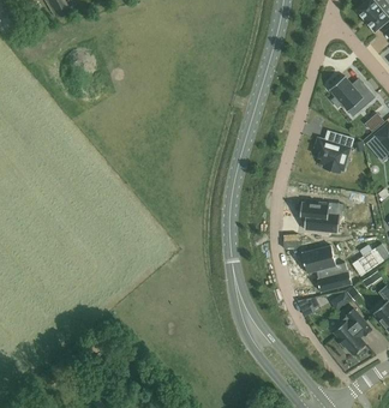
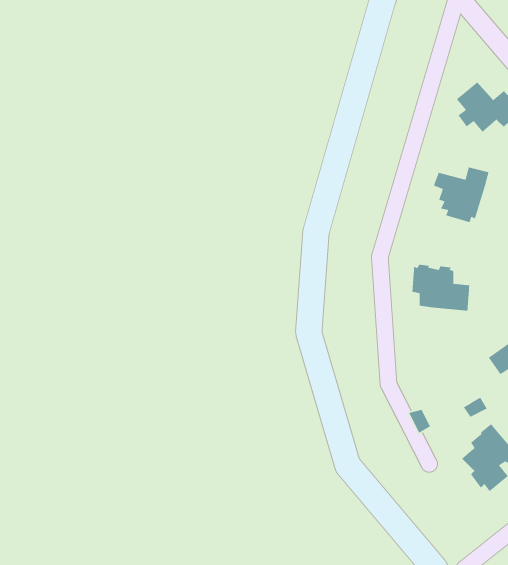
building: [301,246,352,293] -> none

